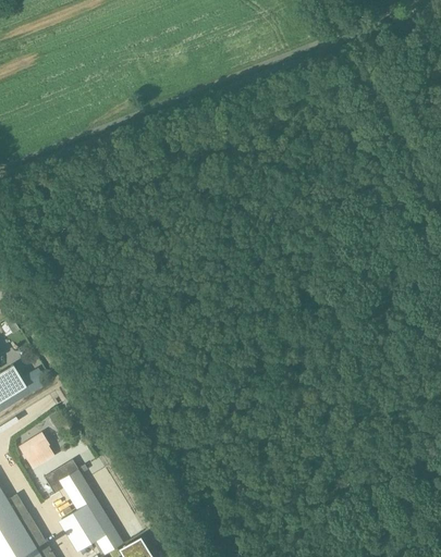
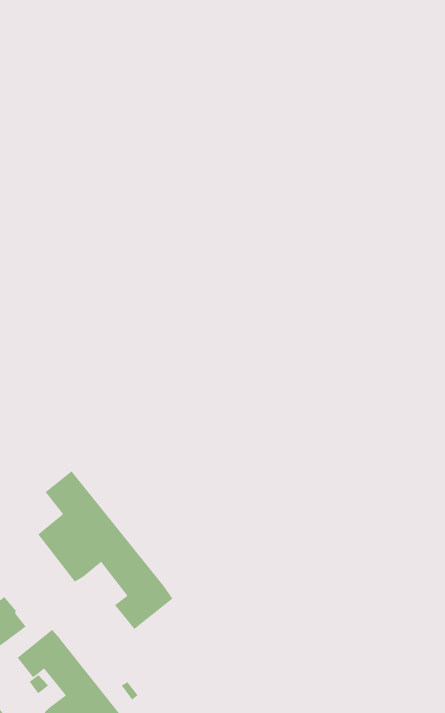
building: none -> [38,470,173,630]

